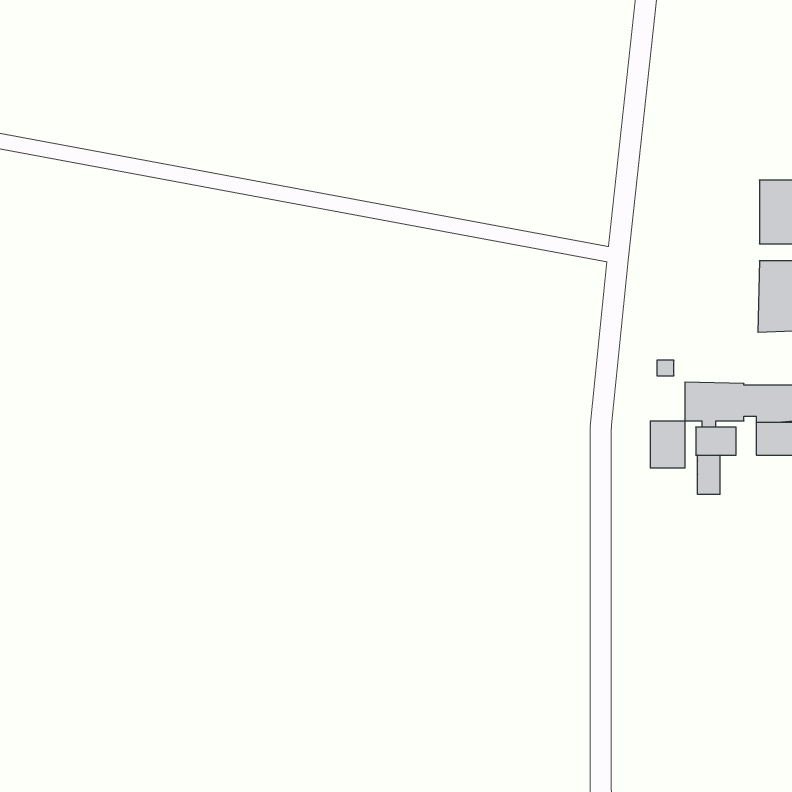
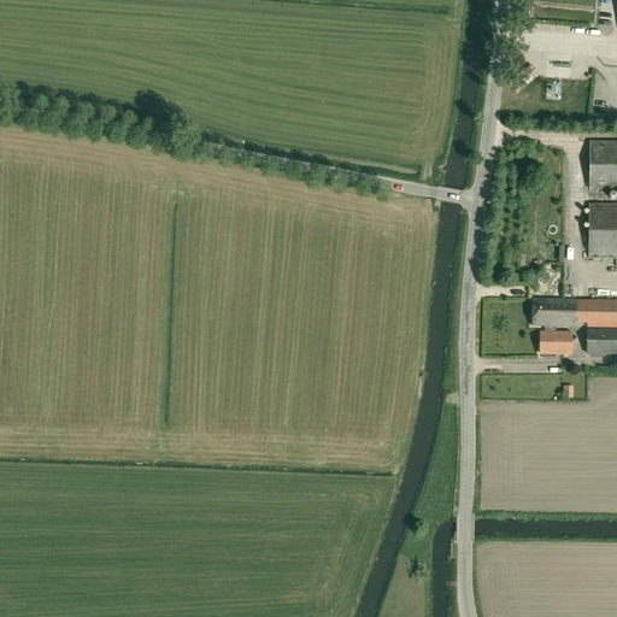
building: [650,421,685,468] -> none
building: [698,455,720,494] -> none

